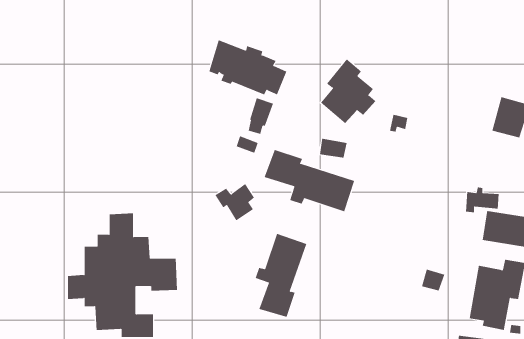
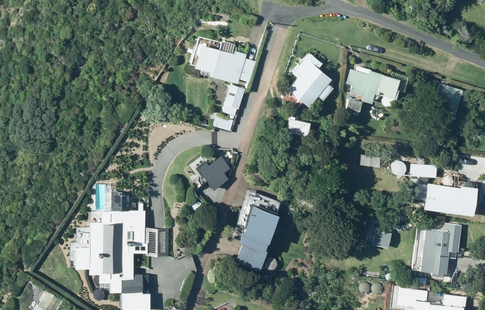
building: none -> [346,68,398,105]
building: [264,149,355,212] -> none

